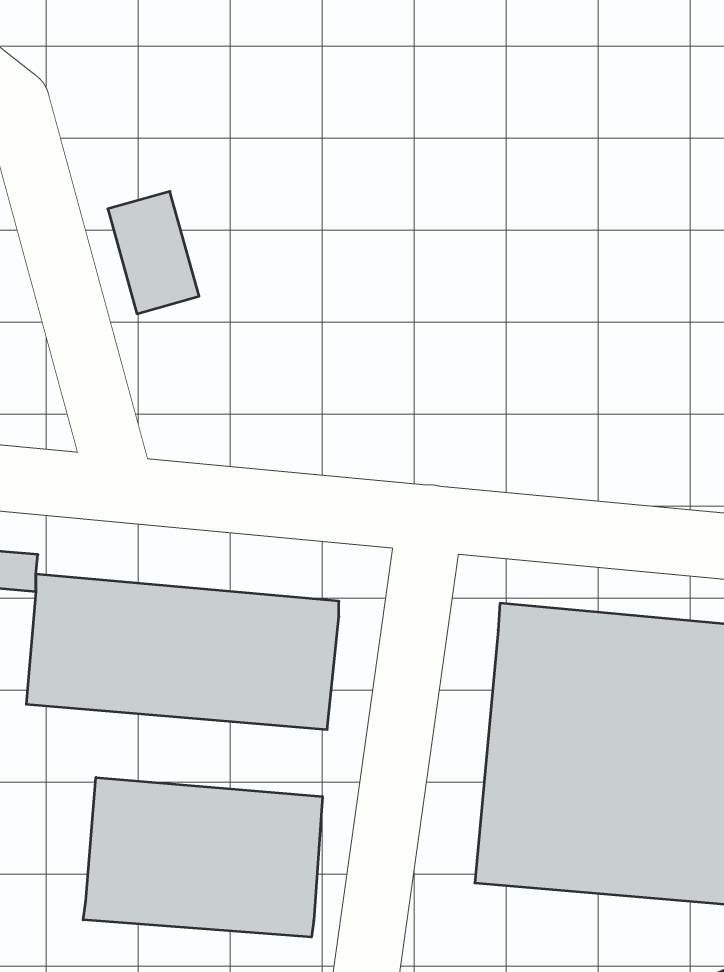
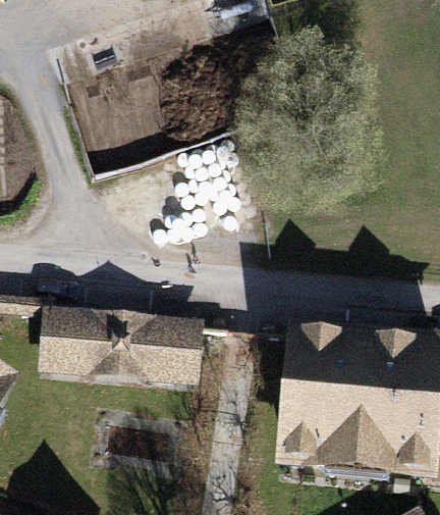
building: [83,777,322,937] -> none

